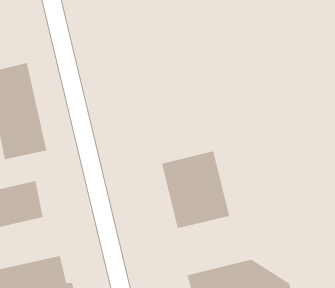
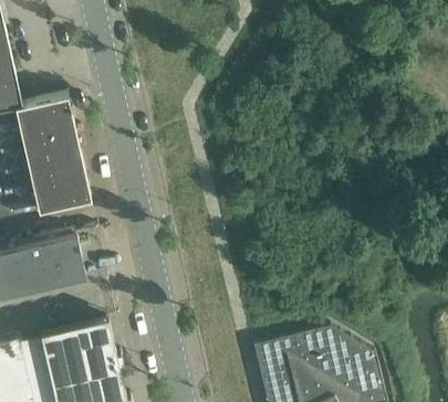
building: [161,150,230,229] -> none

